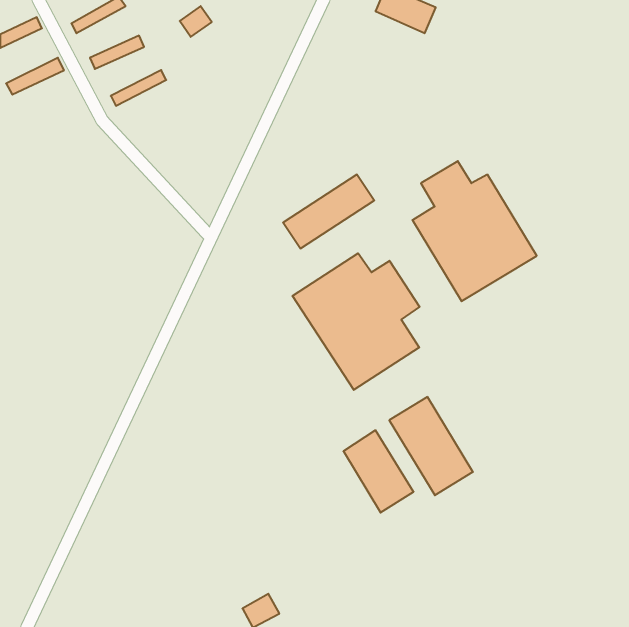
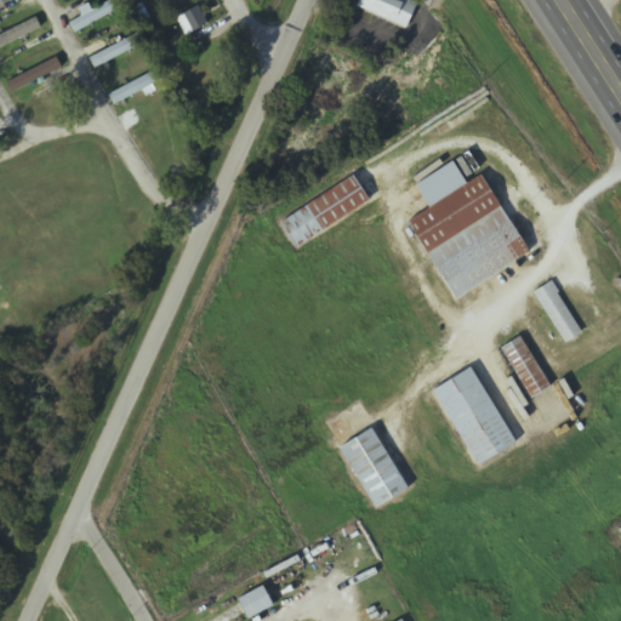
building: [293,253,420,390] -> none
building: none -> [534,278,580,340]
building: none -> [500,334,549,395]
building: [389,397,473,495] -> [432,365,514,462]

